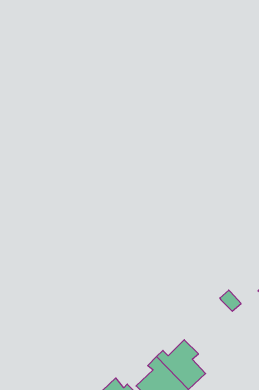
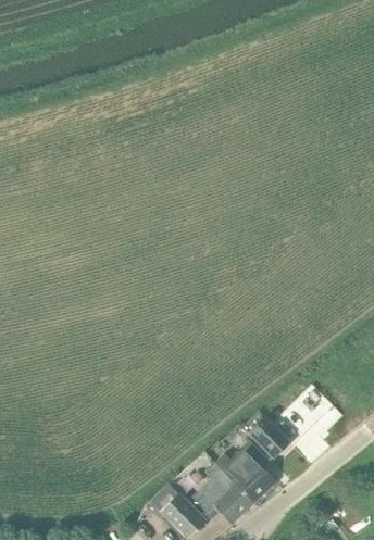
building: none -> [249,417,289,459]

